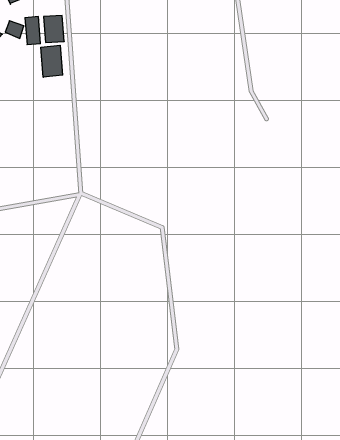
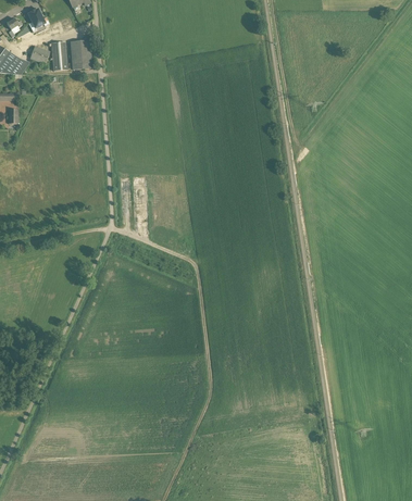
building: [41,45,63,77] -> none

